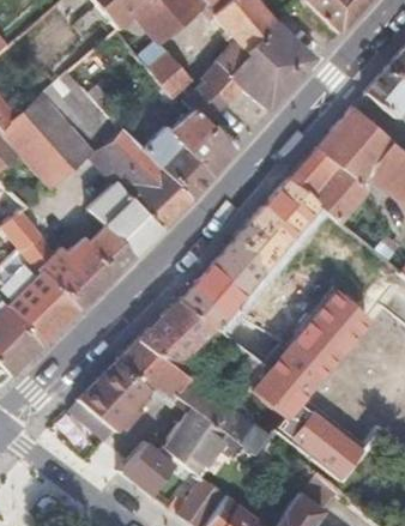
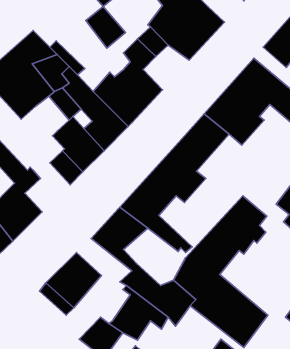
building: [55,238,114,307] -> none
building: [122,341,194,398] -> none

